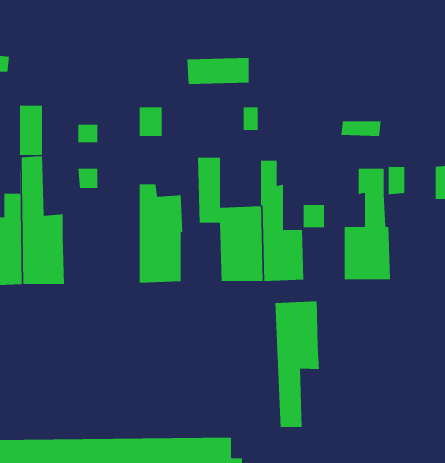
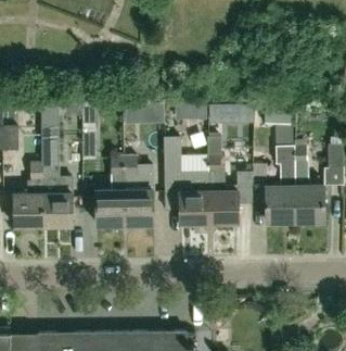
building: [186,58,249,84] -> [208,104,252,123]
building: none -> [95,156,124,225]
building: none -> [296,186,323,223]
building: [275,300,319,428] -> none

